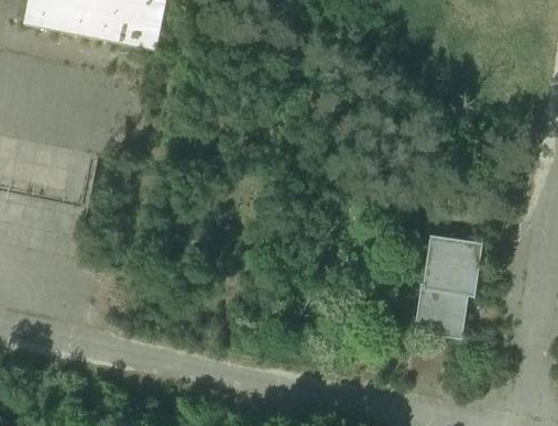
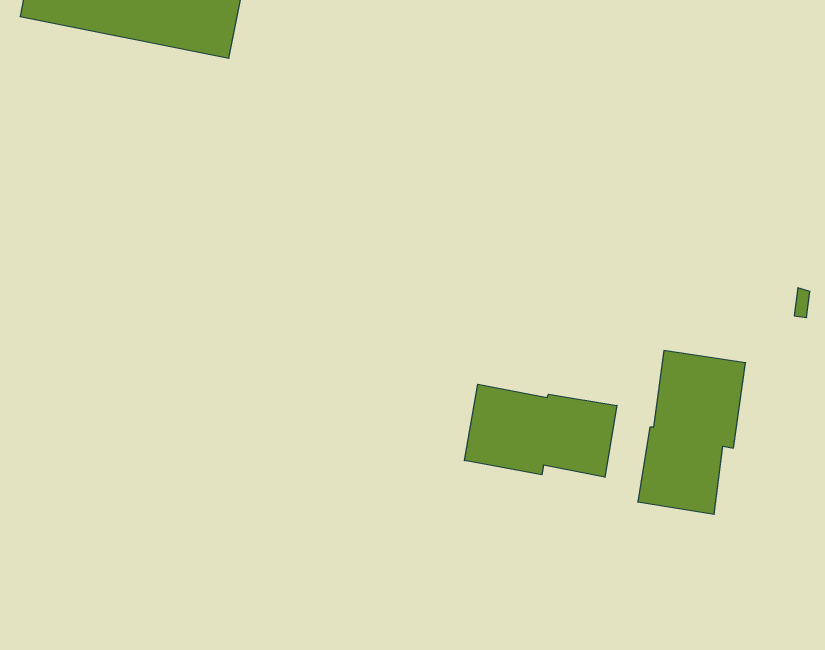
building: none -> [464,384,617,477]

